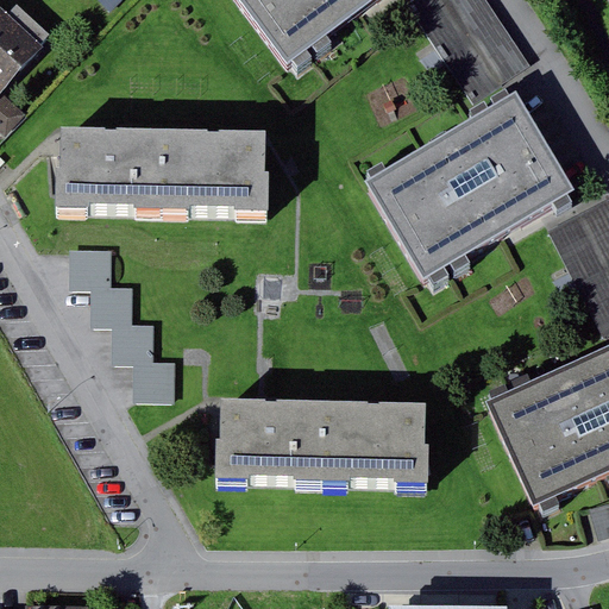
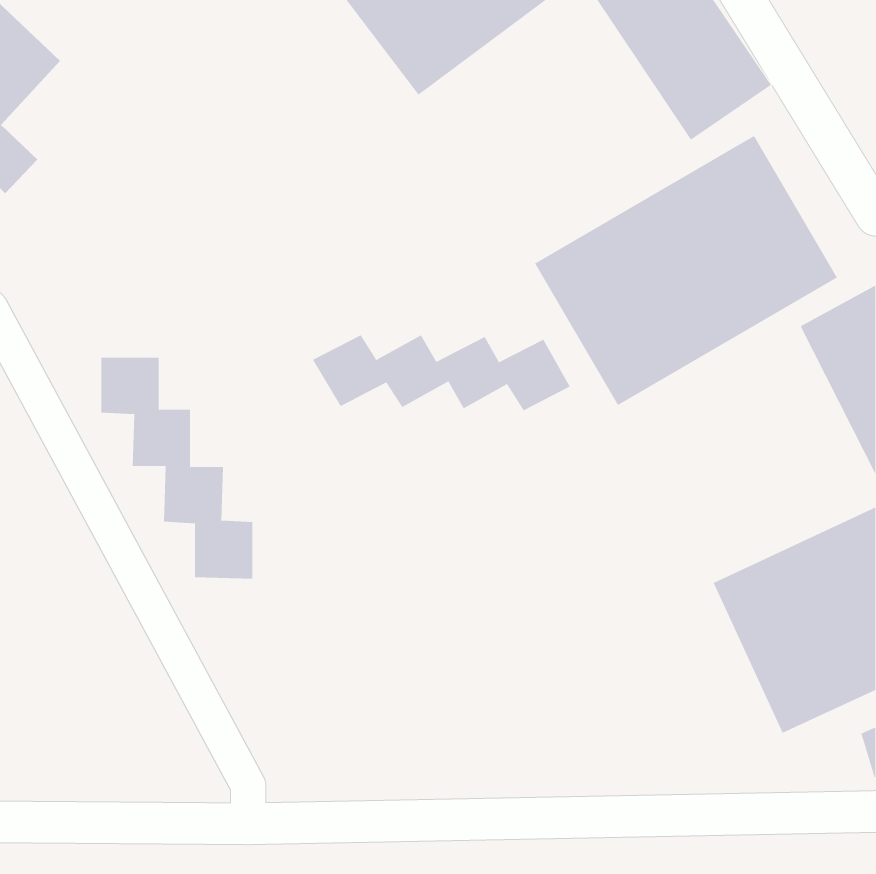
building: [55,132,270,216] -> none
building: none -> [312,334,570,411]
building: [218,400,433,484] -> none

